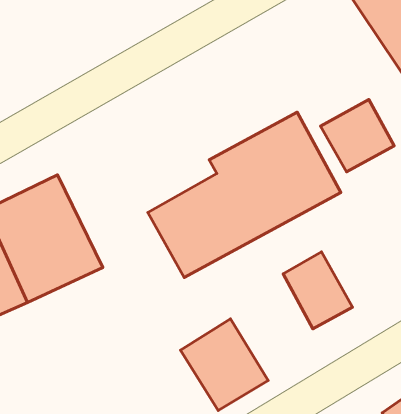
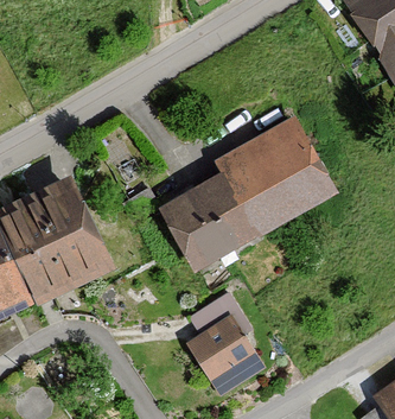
building: [321,99,394,172] -> none
building: [283,252,352,329] -> none

